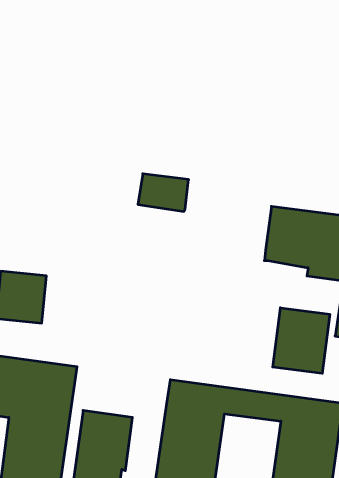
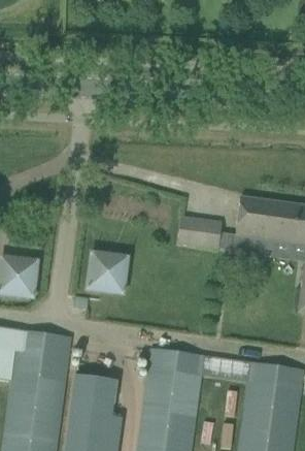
building: [138,174,189,211] -> [177,216,222,249]
building: none -> [91,251,133,293]
building: [273,308,330,373] -> none

